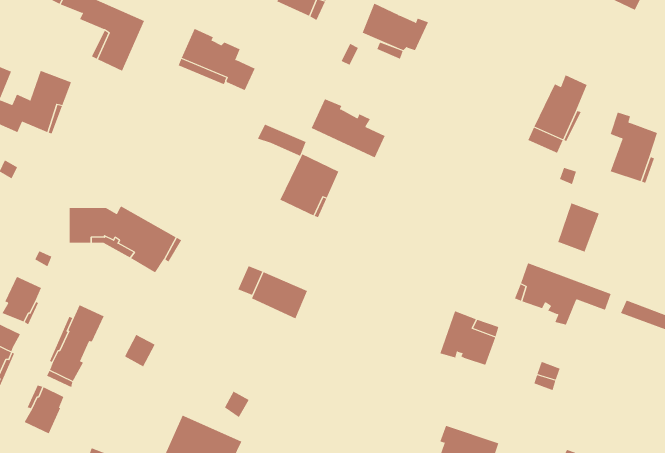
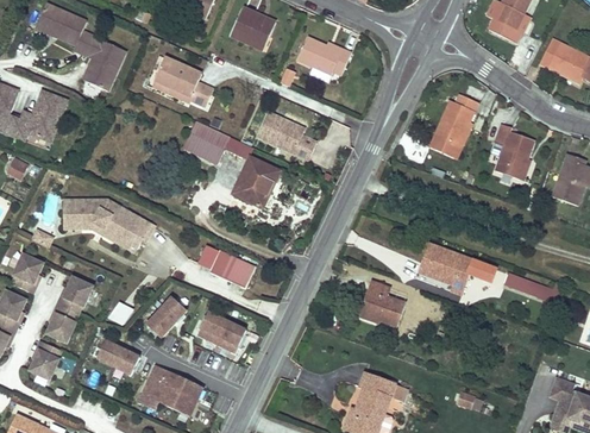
building: none -> [183,120,225,163]
building: [558,202,599,252] -> none
building: none -> [146,296,186,337]
building: none -> [197,310,245,351]
building: none -> [98,340,139,374]

